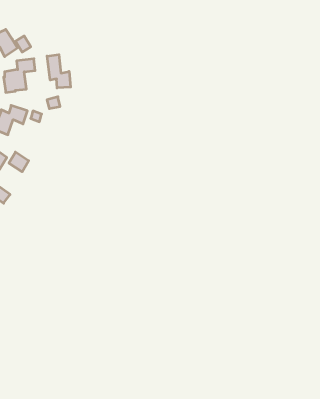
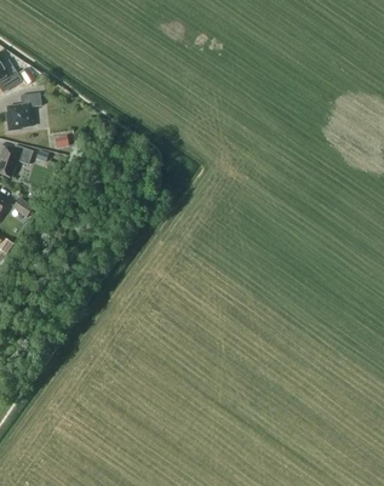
building: [47,55,71,88] -> none

